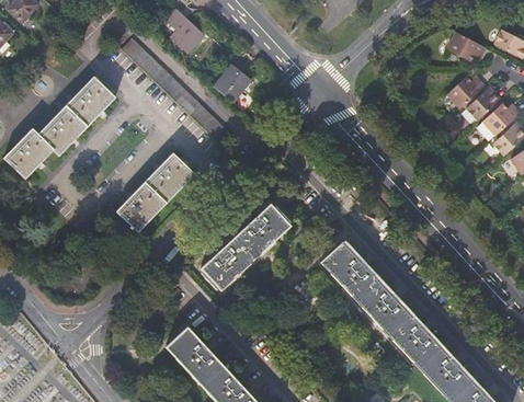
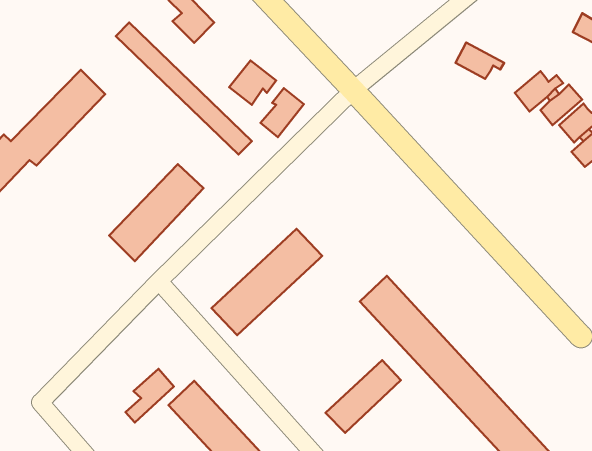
building: [448,32,488,61] -> [456,42,504,79]
building: none -> [261,88,304,137]
building: none -> [325,360,401,433]
building: none -> [126,369,174,423]

